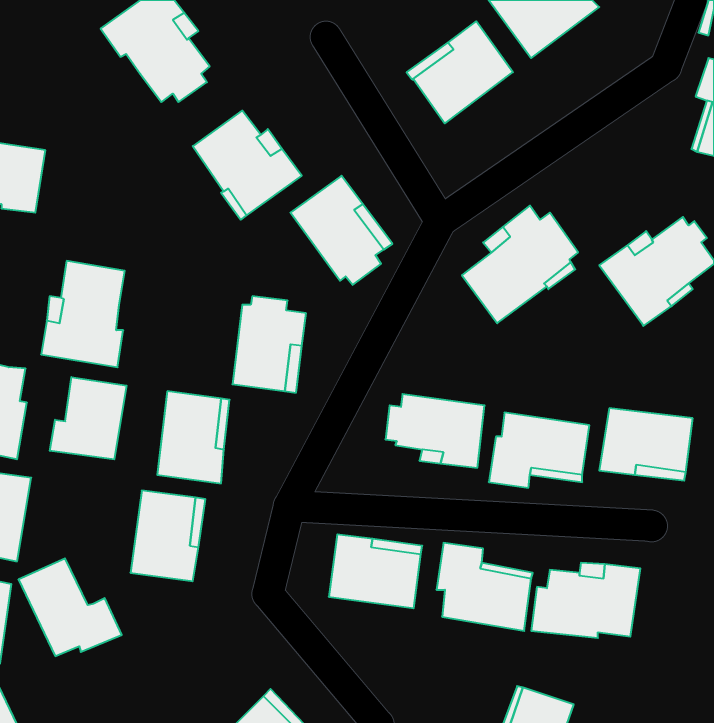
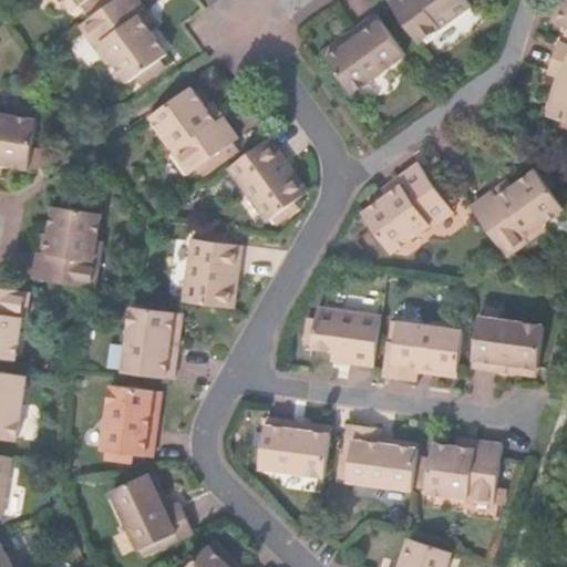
building: [50,377,127,459] -> none
building: [18,558,122,656] -> [110,473,190,549]

